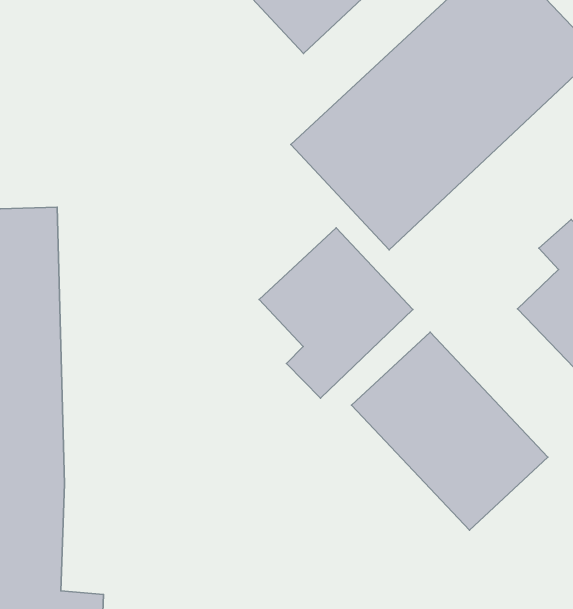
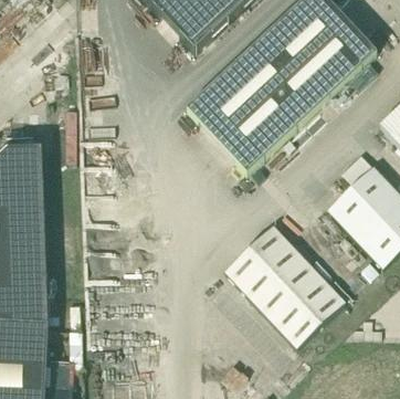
building: [259,228,413,398] -> none

